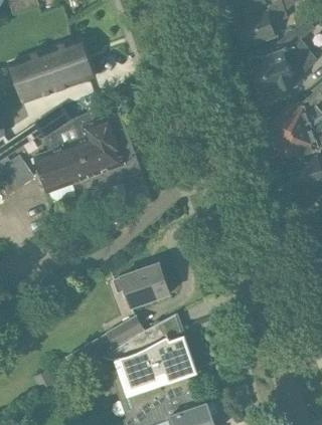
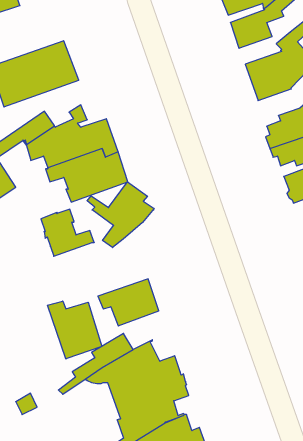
building: [32,149,83,193] -> [41,209,94,256]
building: none -> [87,182,154,248]
building: none -> [48,301,102,359]

